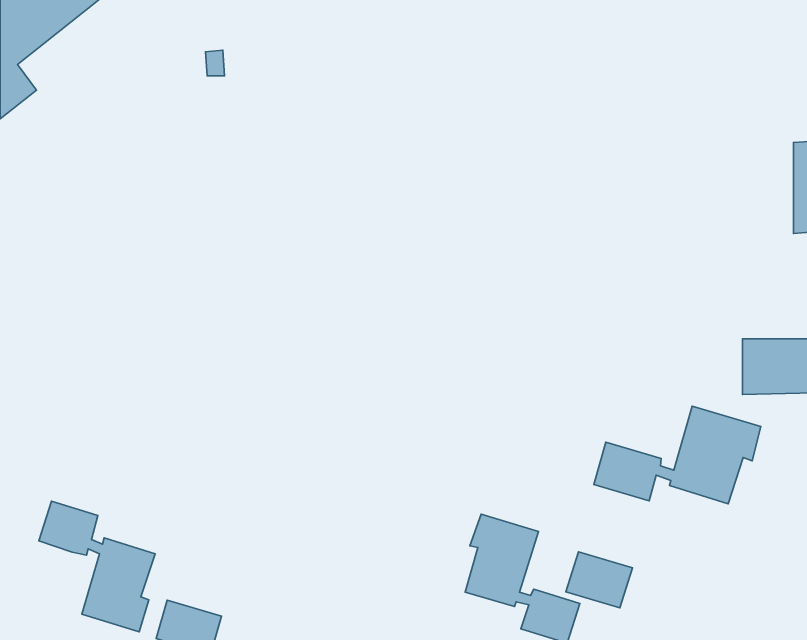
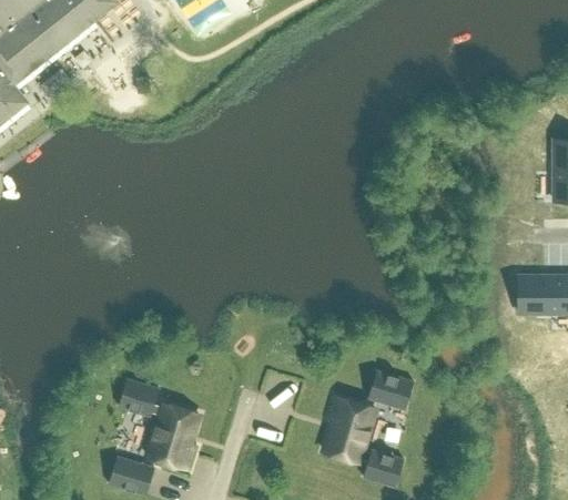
building: [594,406,761,504] -> none
building: [39,501,155,632] -> [119,378,200,469]
building: [566,552,633,608] -> [368,370,415,409]

